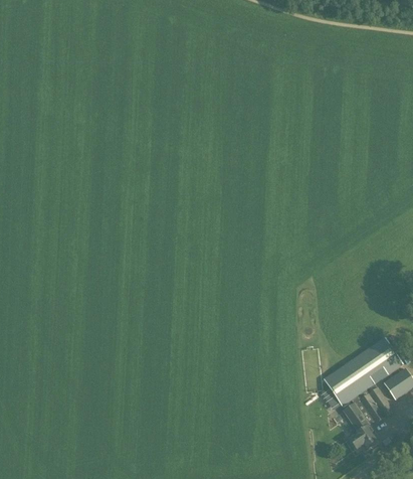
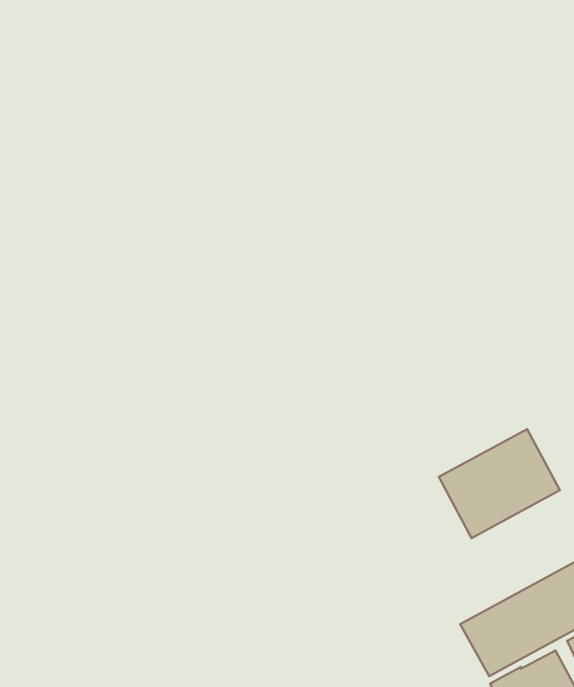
building: none -> [439,429,560,538]

